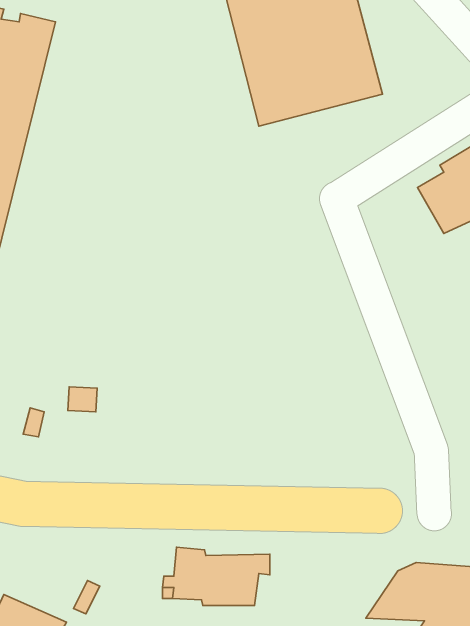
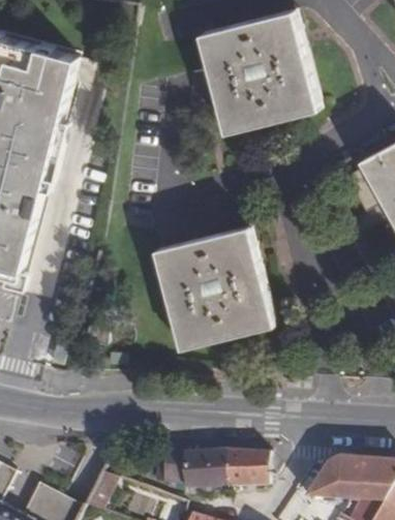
building: none -> [155,226,273,349]
building: none -> [220,452,267,490]

